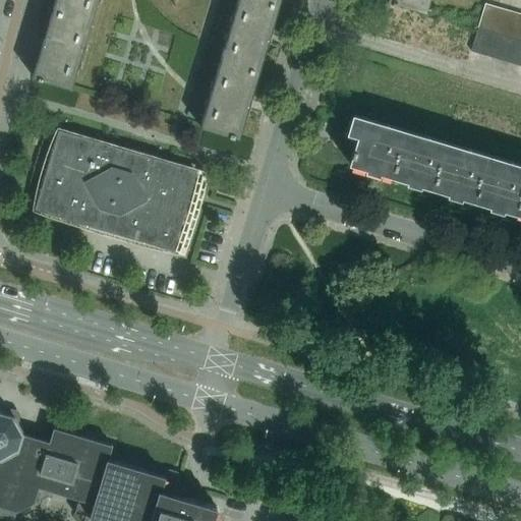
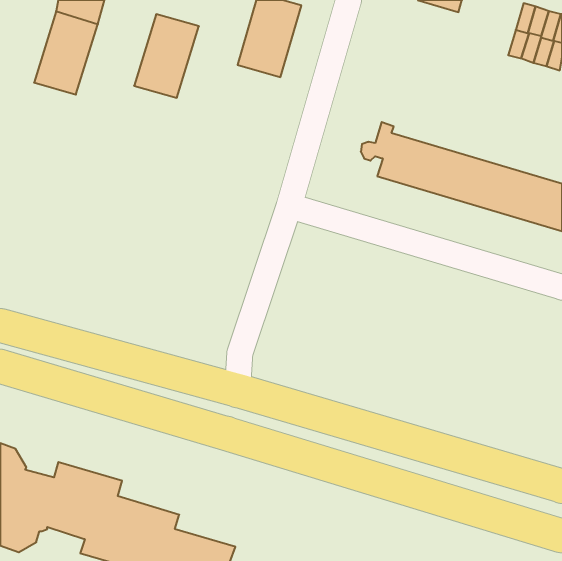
building: [199,61,259,138] -> [134,14,199,98]
building: [36,131,195,250] -> none

